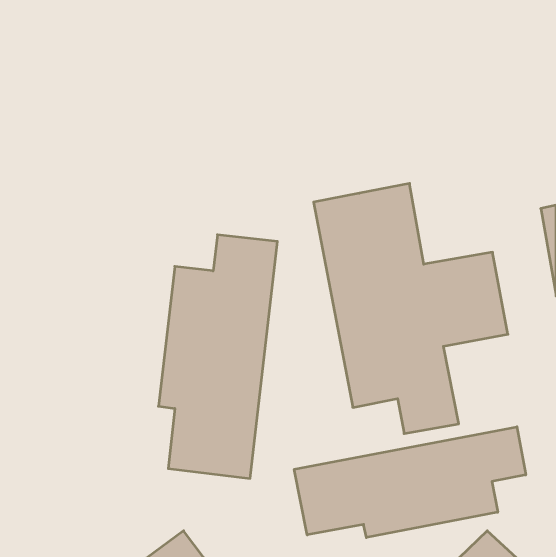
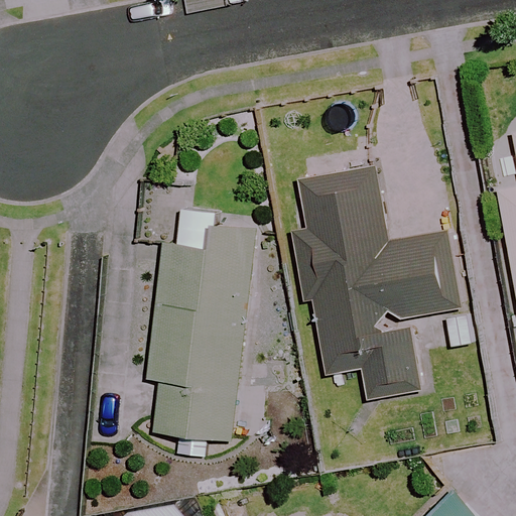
building: [294,427,526,538] -> none

